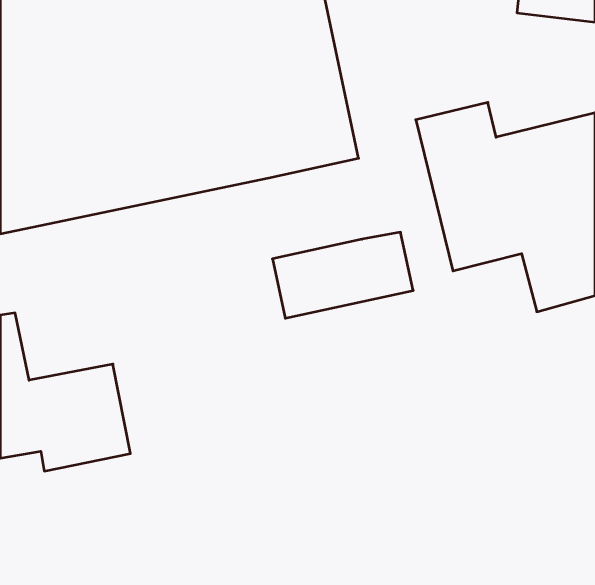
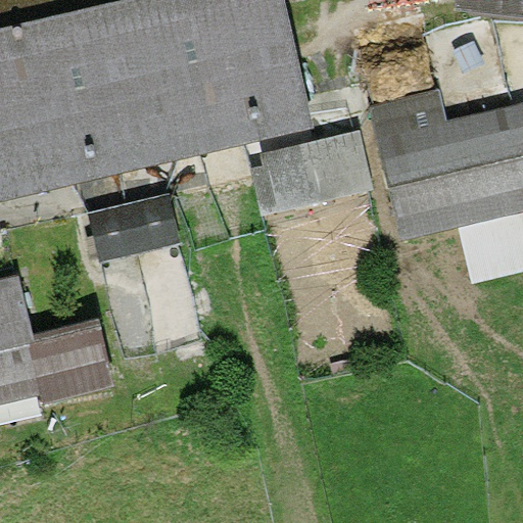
building: none -> [87,193,172,253]
building: [272,232,413,318] -> [236,133,360,208]

